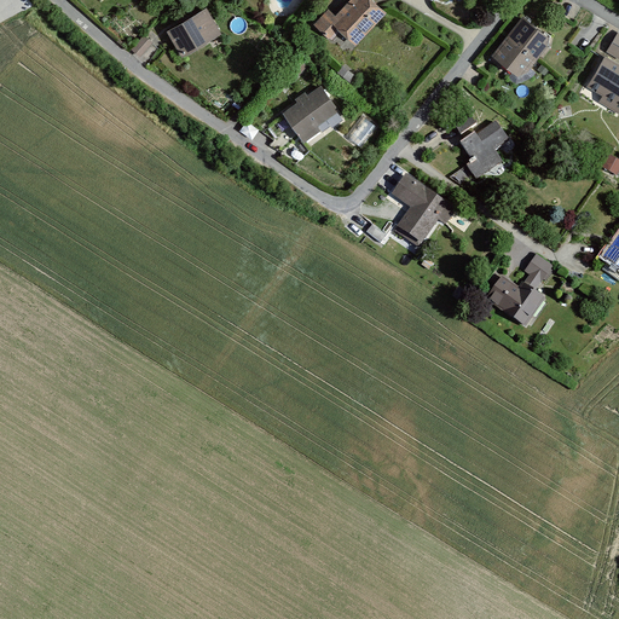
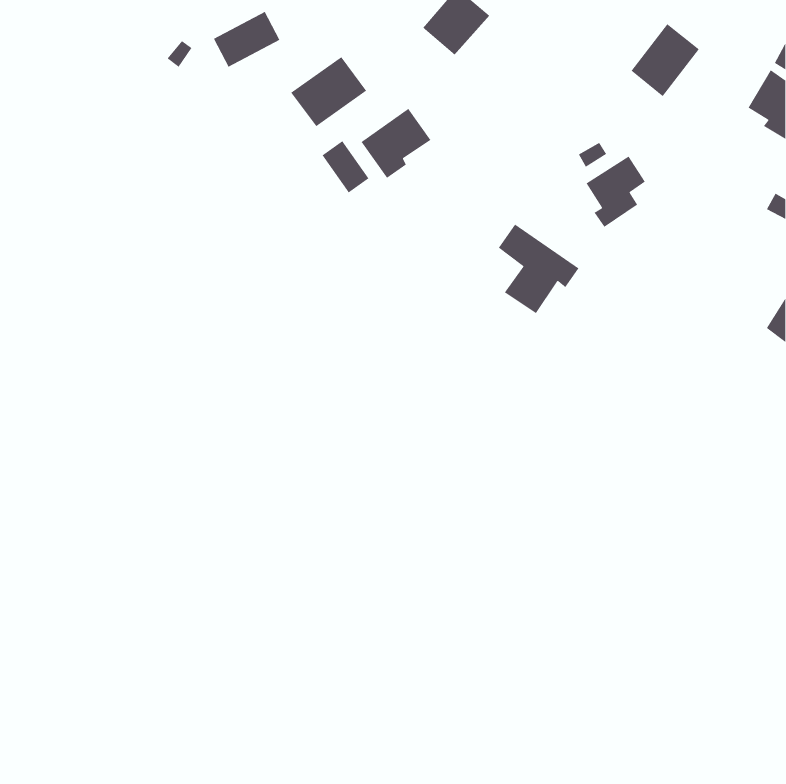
building: none -> [290,56,367,127]
building: none -> [321,140,370,193]
building: [486,254,555,325] -> none

